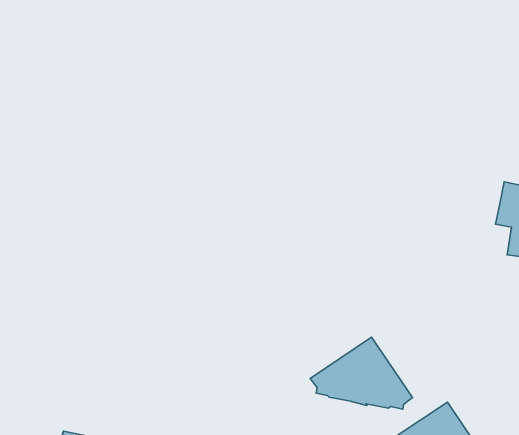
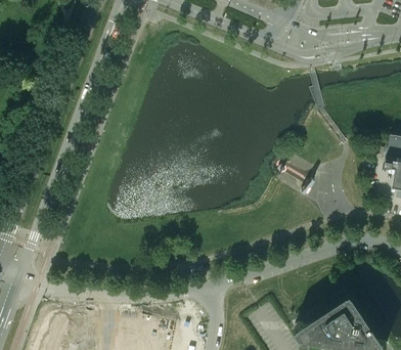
building: [310,337,412,409] -> none

